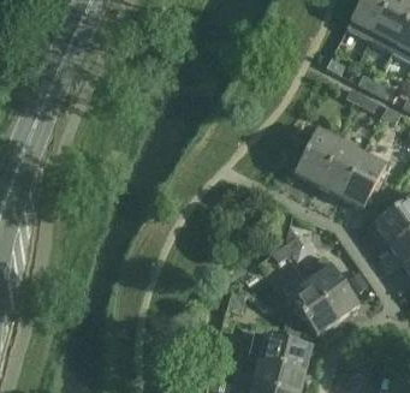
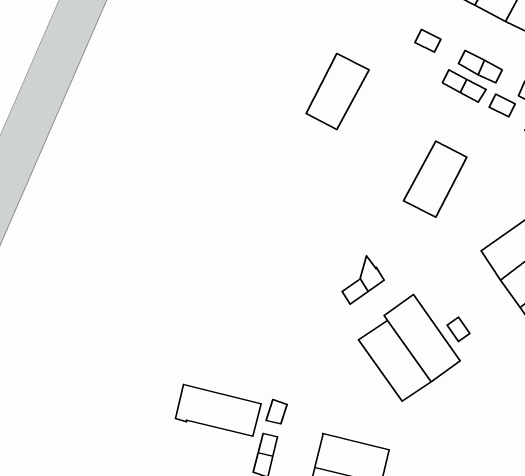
building: [295,127,341,184] -> [306,54,369,130]
building: [341,151,386,207] -> none
building: [249,331,313,369] -> [175,385,261,436]

